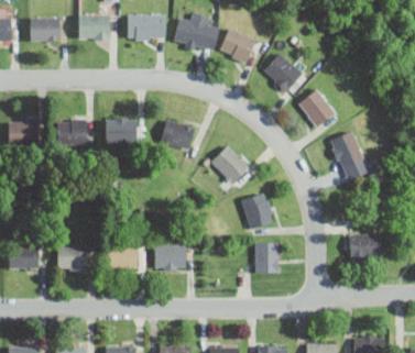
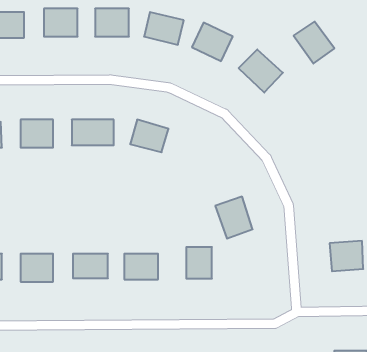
building: [298,89,337,129] -> [294,22,334,64]
building: [327,130,365,170] -> none
building: [211,144,251,185] -> none
building: [256,243,281,273] -> [186,247,212,279]

